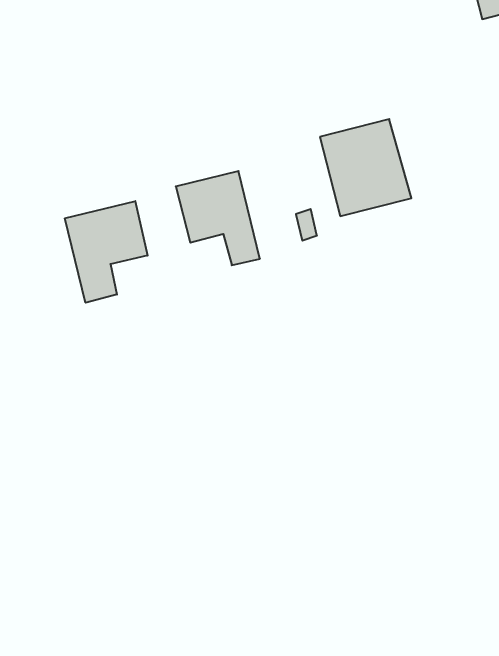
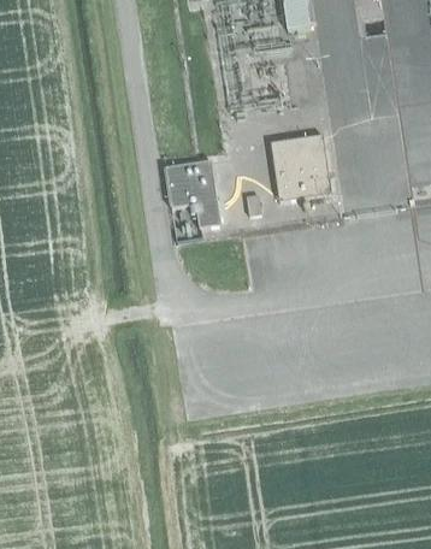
building: [65,201,148,303] -> none

